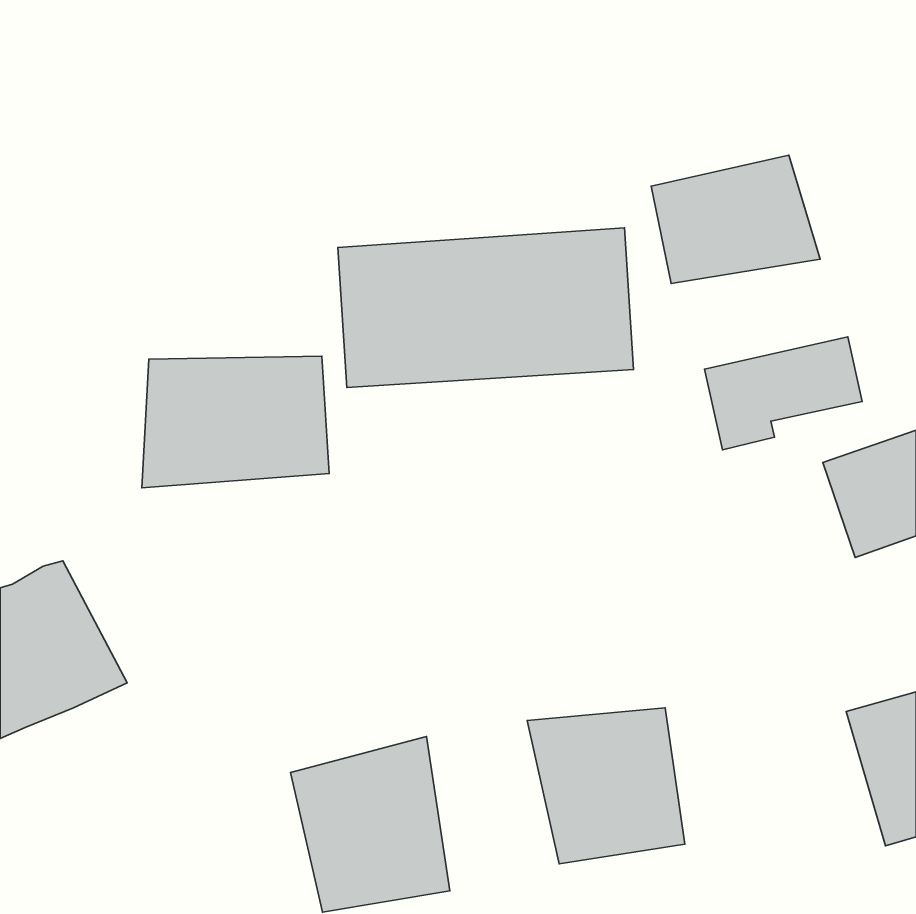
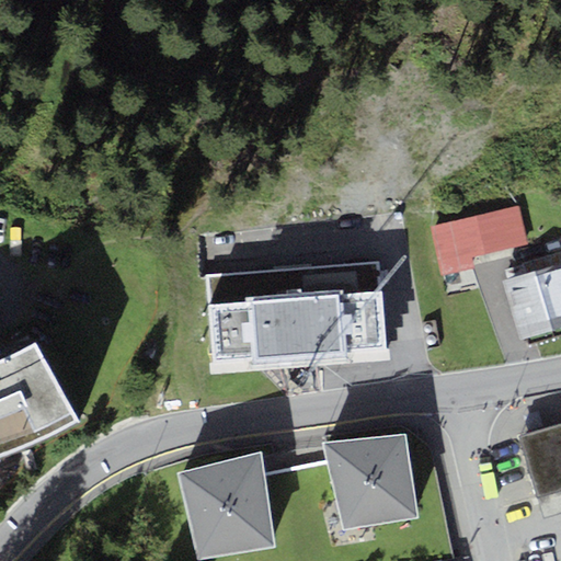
building: [651,155,820,284] -> none
building: [338,228,634,387] -> [204,264,385,362]
building: [142,356,329,488] -> none

